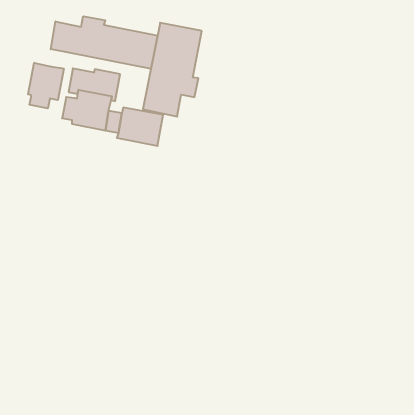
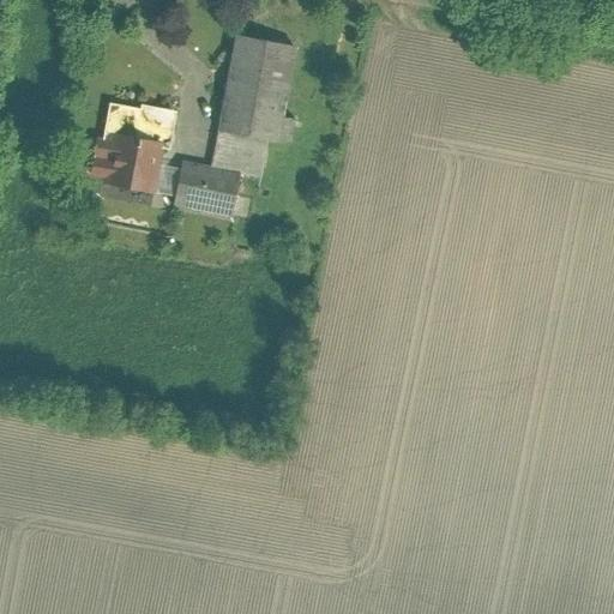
building: [51,16,158,69] -> none
building: [28,63,64,108] -> none

